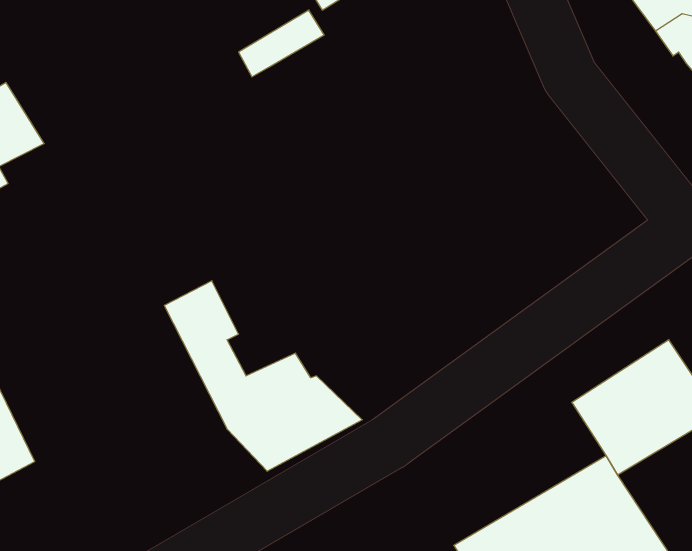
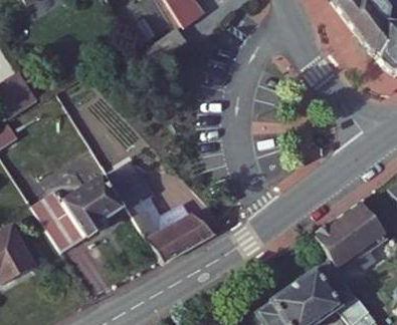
building: none -> [20,178,114,259]

